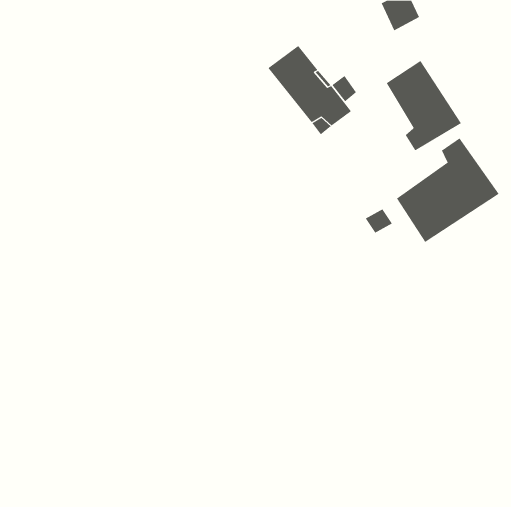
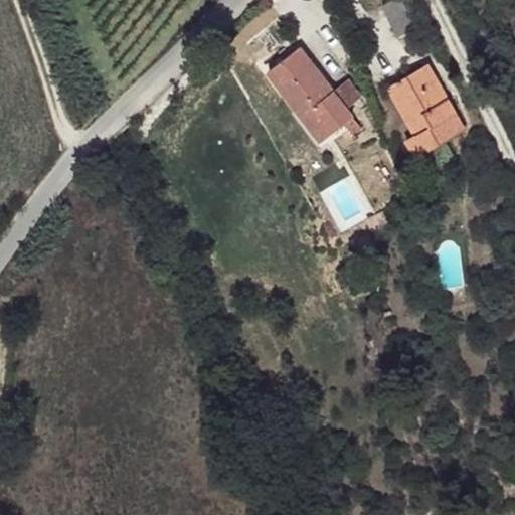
building: [396,138,500,243] -> none

